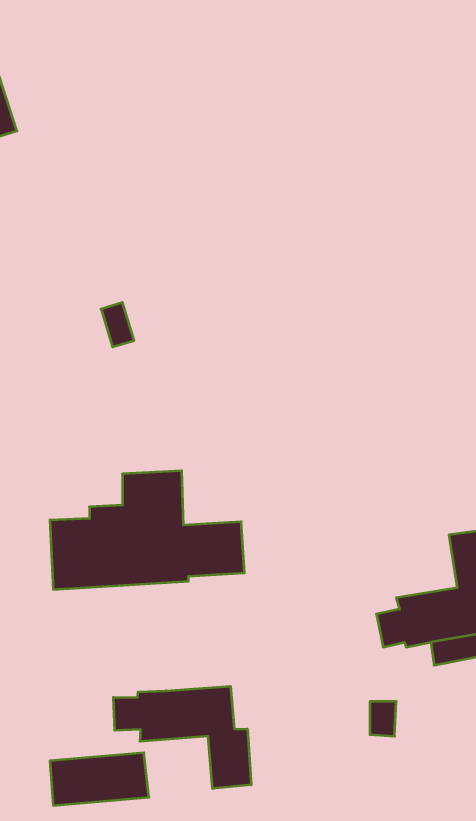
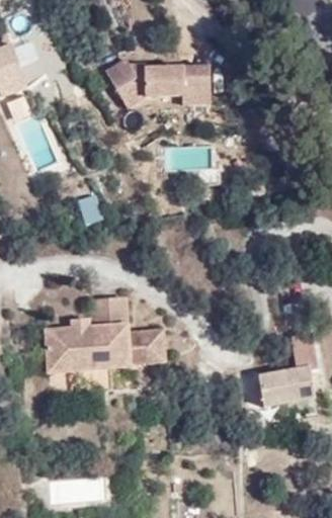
building: none -> [102,57,212,104]
building: [113,686,251,789] -> none

